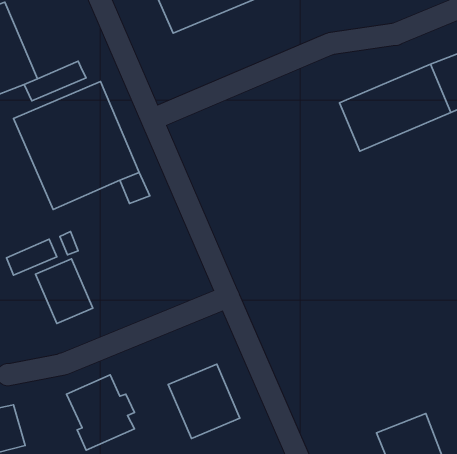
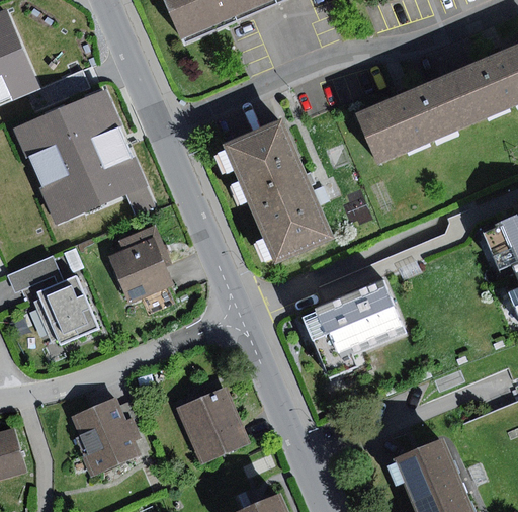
building: none -> [223,119,333,263]
building: none -> [108,225,174,314]
building: none -> [304,279,405,378]

